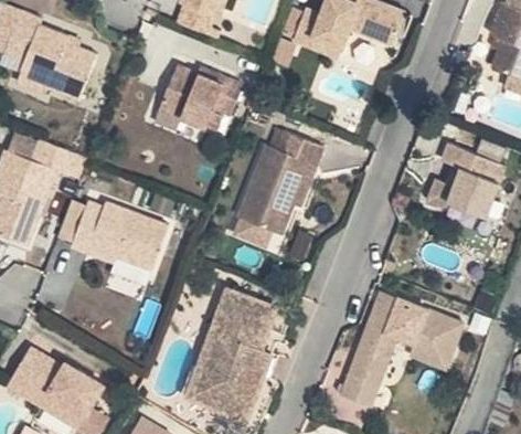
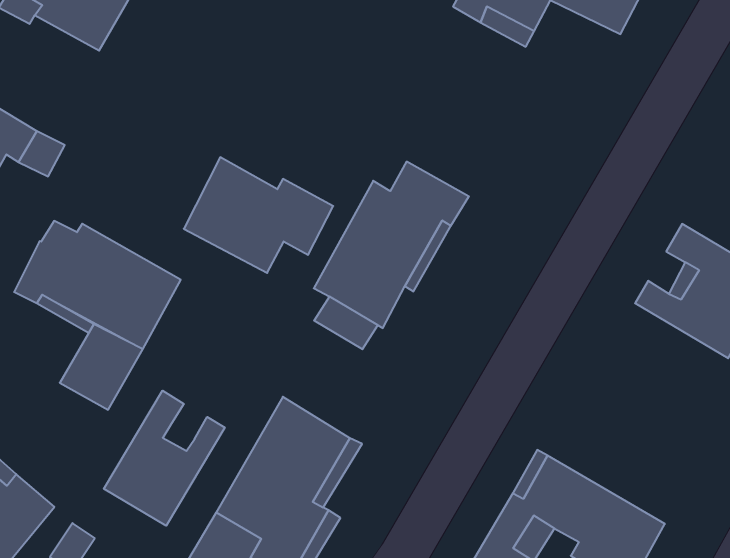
building: [153,66,238,129] -> [184,157,333,273]
building: none -> [104,391,225,526]

